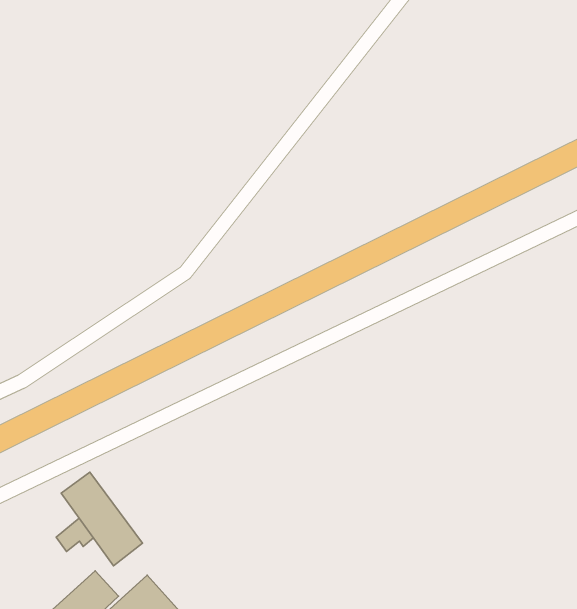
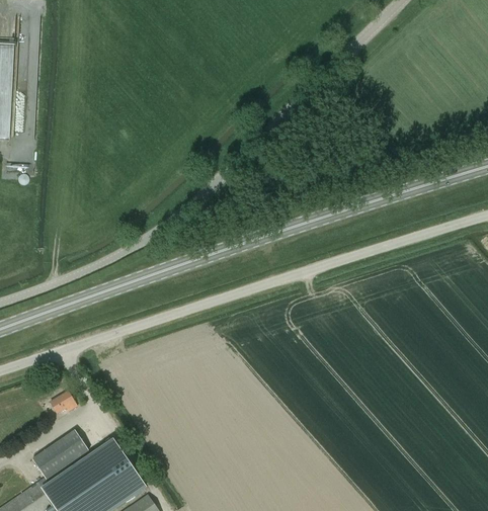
building: [61,472,143,566] -> none

